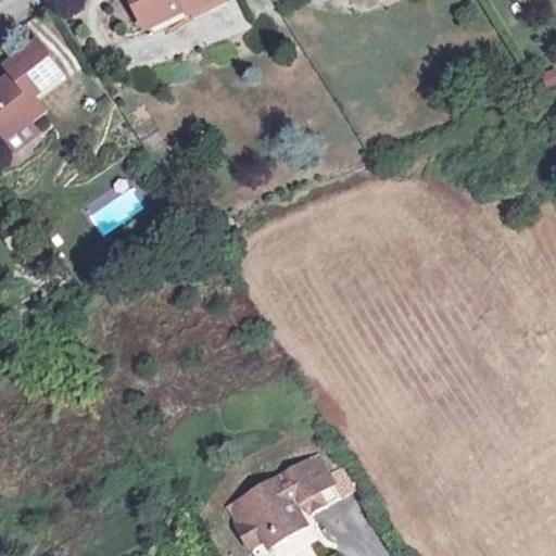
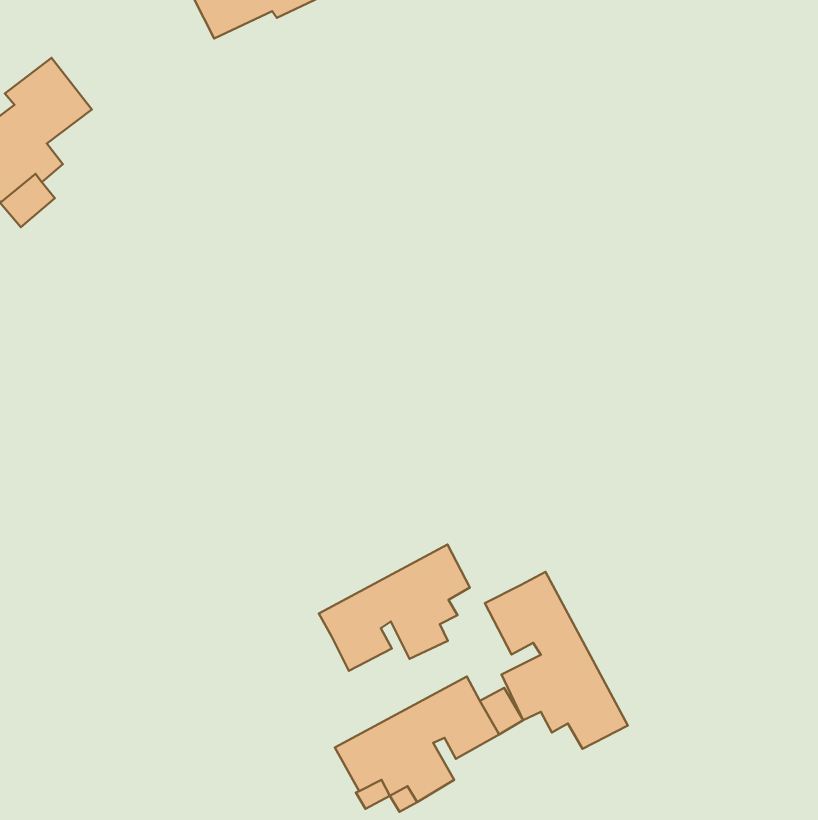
building: none -> [319,544,470,671]
building: none -> [485,572,628,749]

